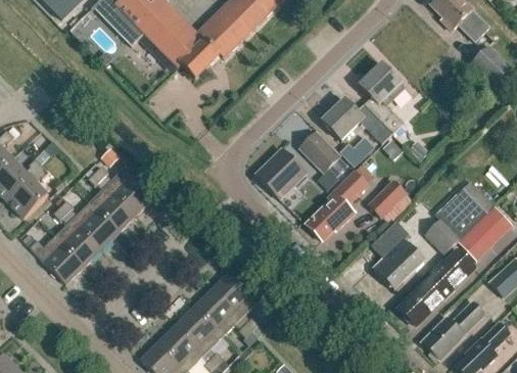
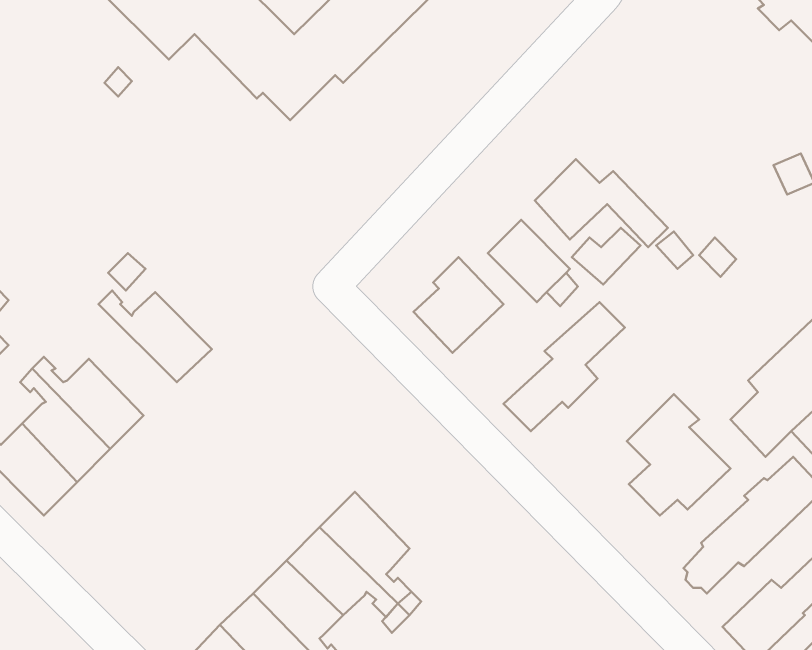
building: [358,63,402,134] -> none
building: [88,174,135,232] -> none
building: [366,179,406,218] -> none

